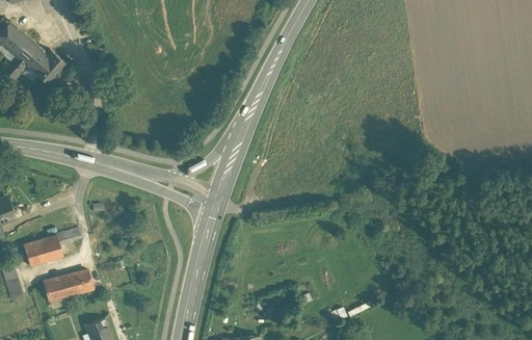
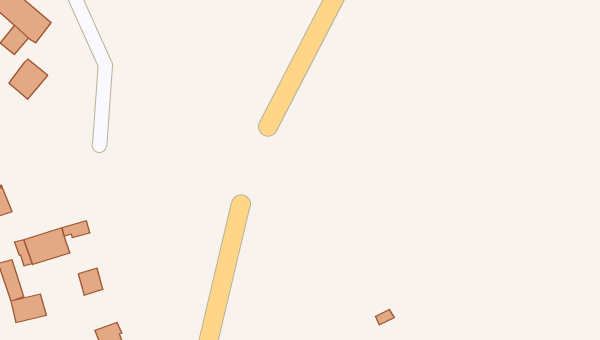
building: [33,51,68,86] -> [9,59,48,99]
building: [45,276,76,300] -> [11,294,46,322]

